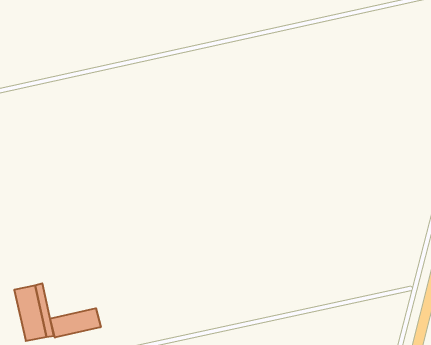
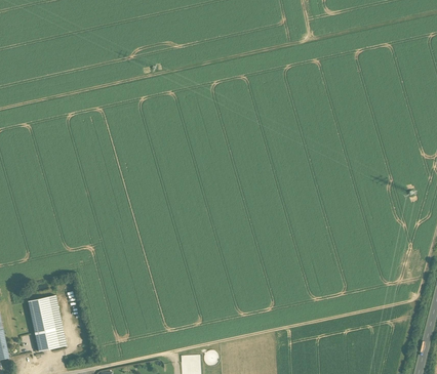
building: [50,308,101,338] -> none

